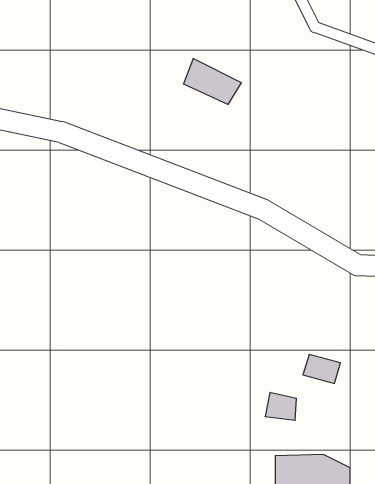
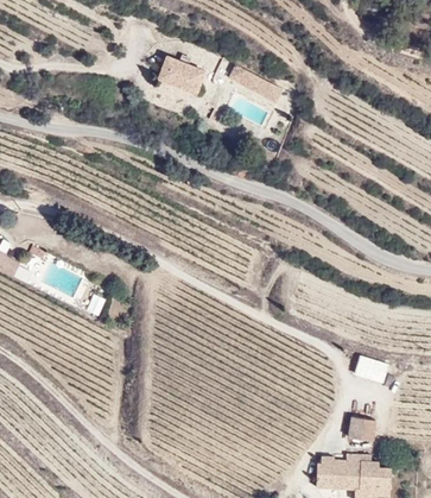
building: none -> [156,55,203,95]
building: [265,392,296,420] -> [344,416,375,443]

